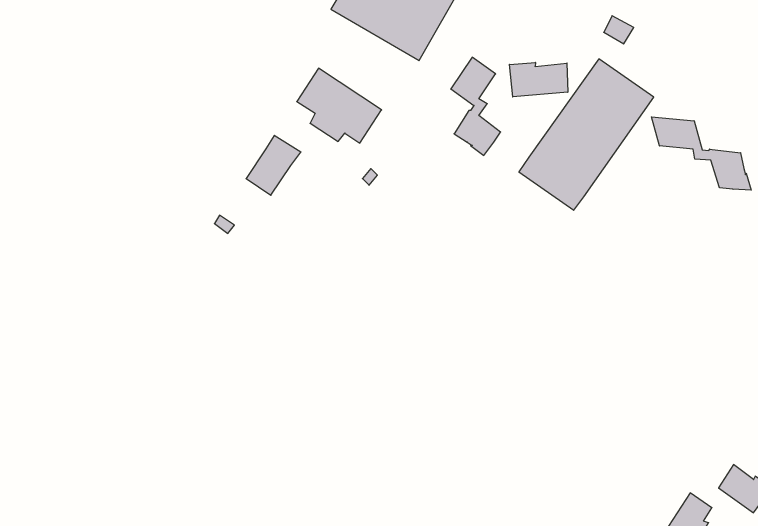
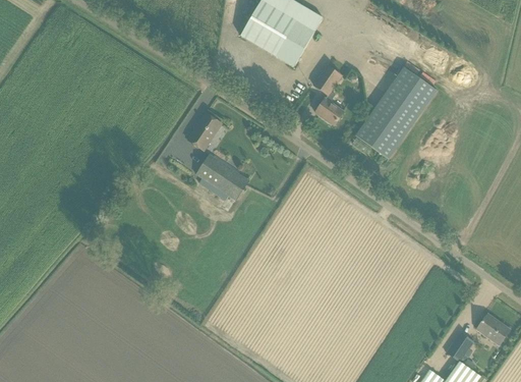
building: [509,62,568,97] -> none
building: [297,68,382,143] -> [196,154,248,200]
building: [651,117,751,190] -> none

